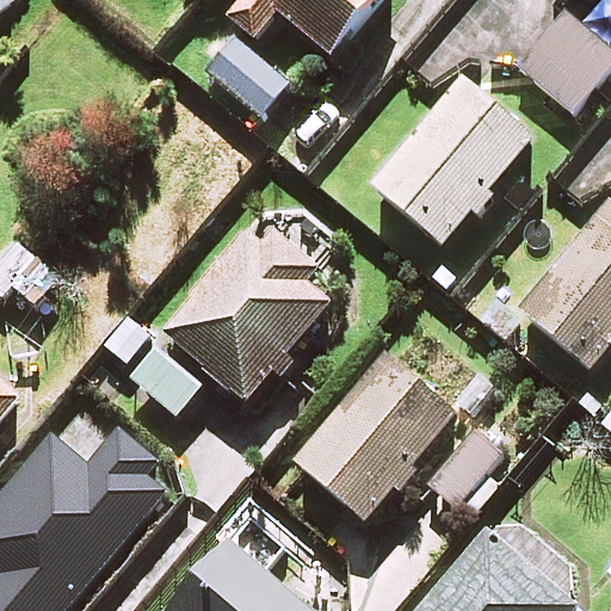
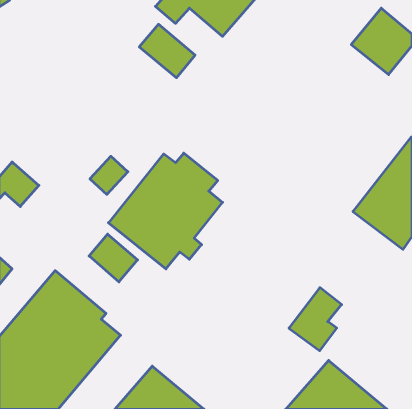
building: [372,78,531,243] -> none
building: [295,352,455,518] -> none

